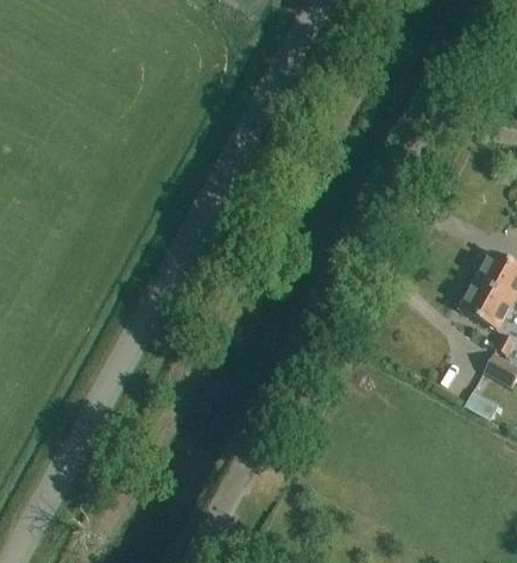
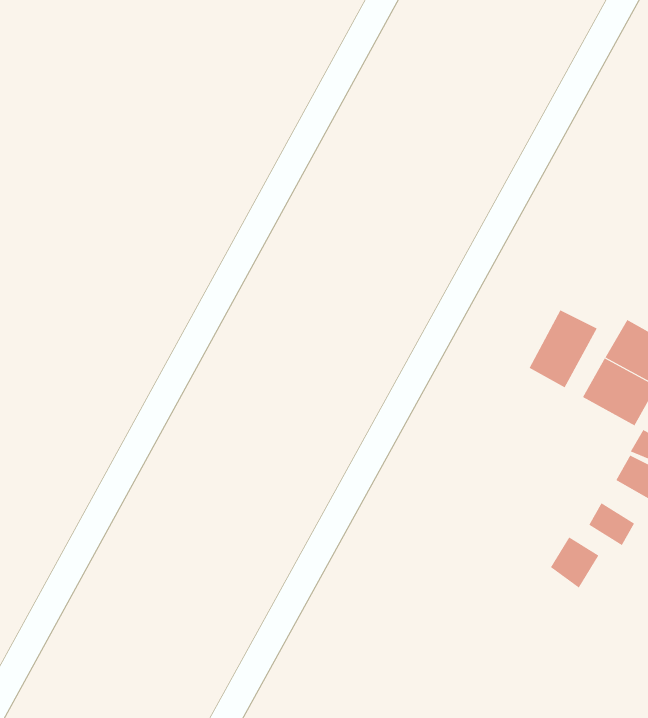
building: none -> [529,309,597,388]
building: none -> [550,537,599,588]

